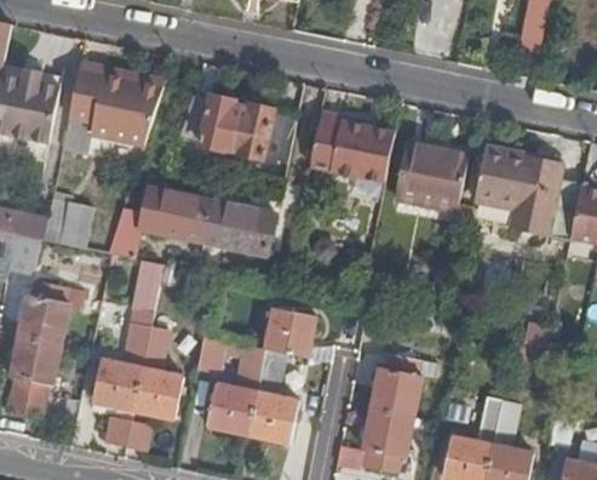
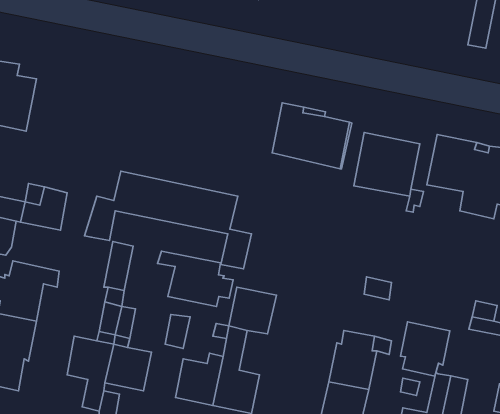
building: [58,62,162,175] -> none
building: [178,92,297,161] -> none
building: none -> [158,251,233,306]
building: none -> [400,322,450,376]

